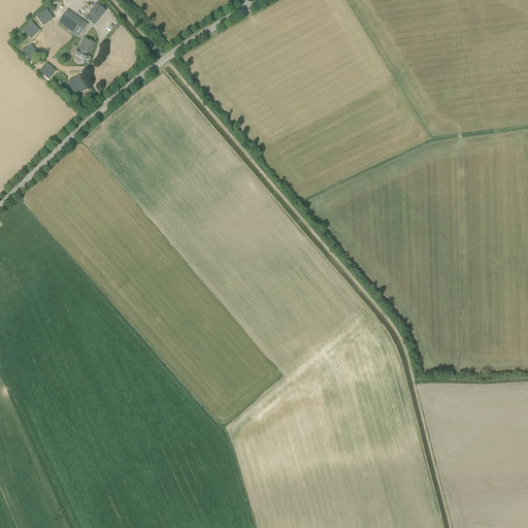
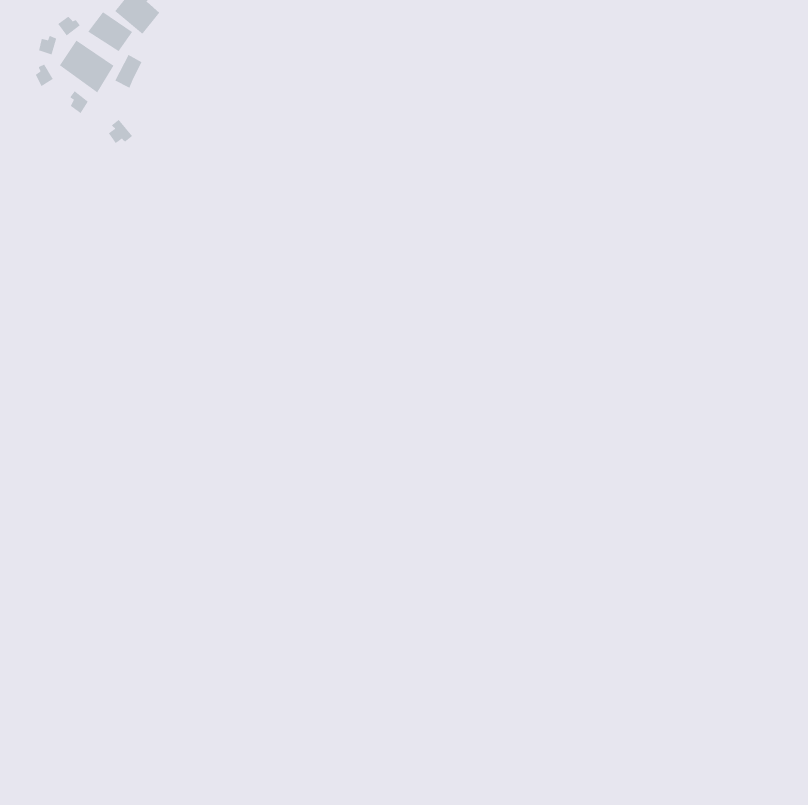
building: none -> [59,39,114,93]

